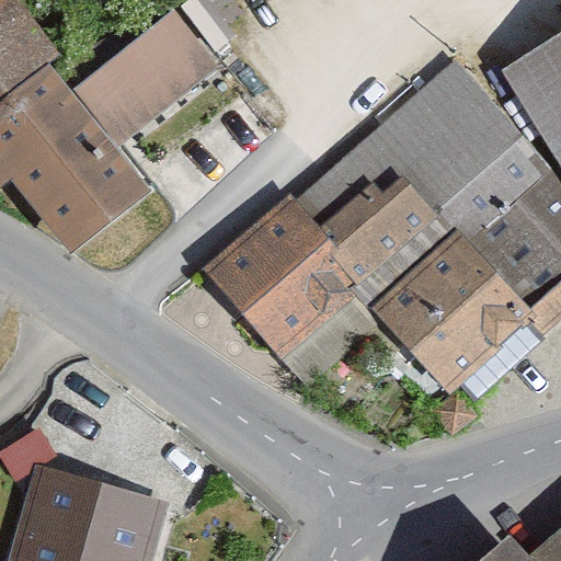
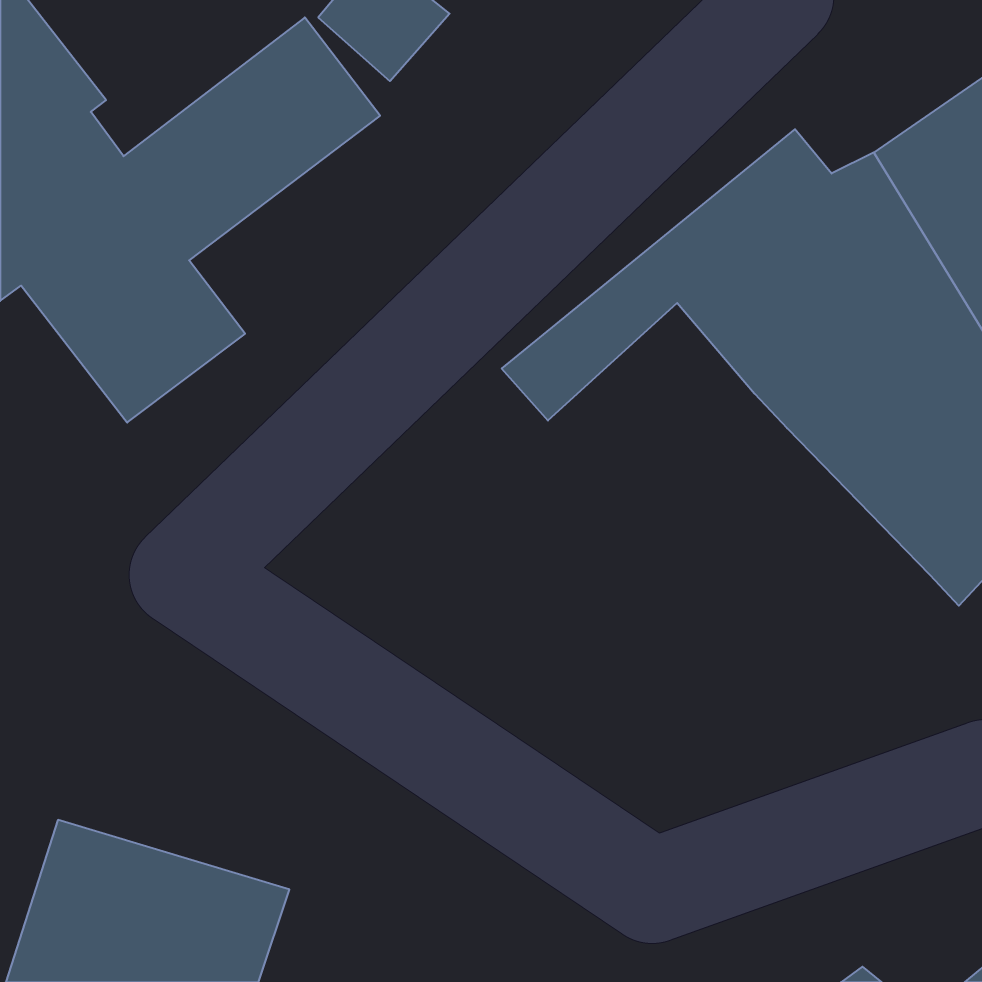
building: [194,172,431,366] -> none
building: [363,243,530,399] -> none

